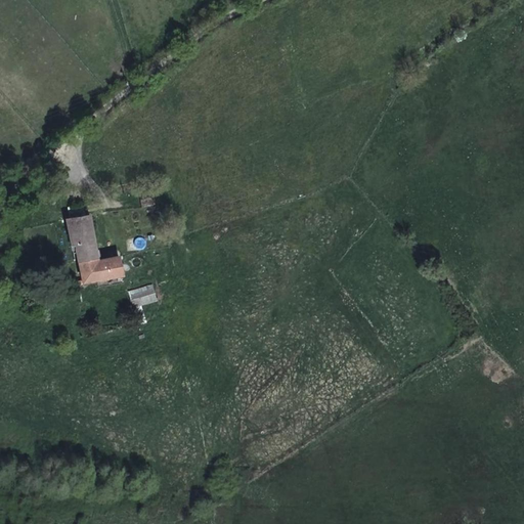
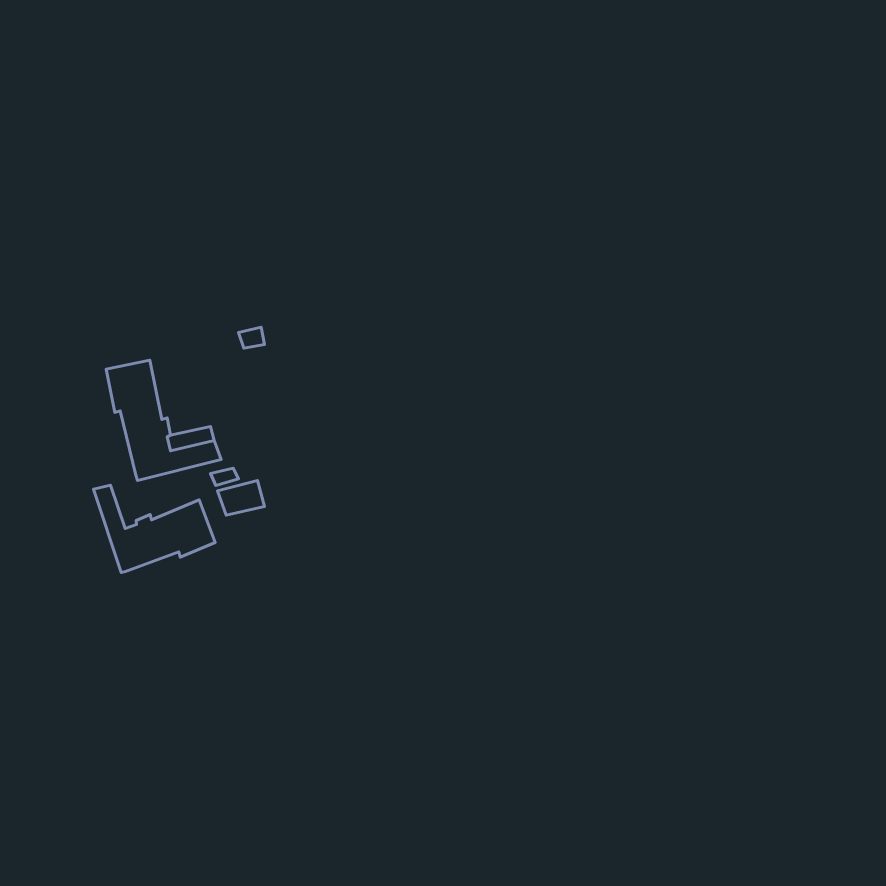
building: none -> [93,485,215,573]

